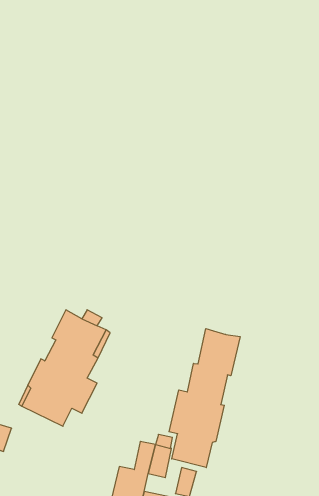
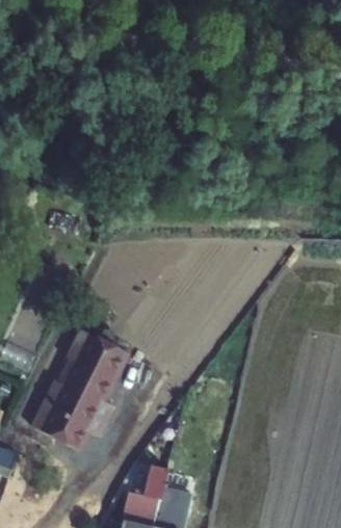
building: [169,329,240,468] -> none

